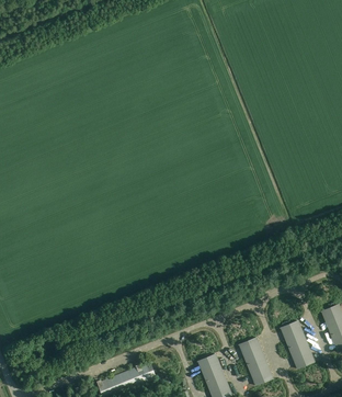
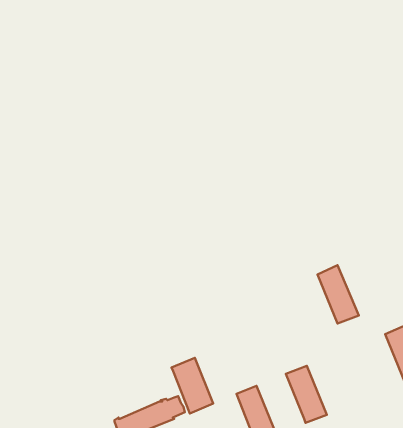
building: [281,320,315,368] -> [318,265,359,324]
building: none -> [171,358,213,413]

